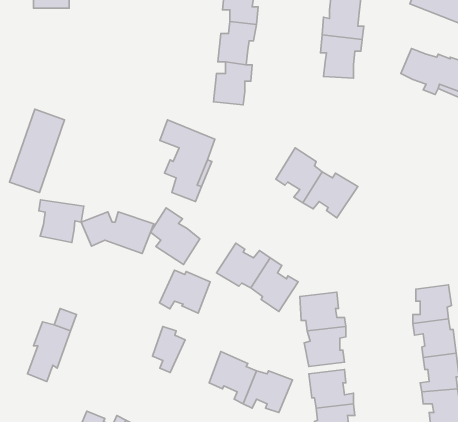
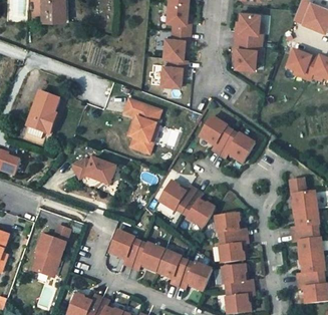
building: [39,200,84,242] -> none
building: [151,208,200,264] -> none
building: none -> [293,180,318,211]
building: [159,270,210,313] -> [130,245,165,274]

